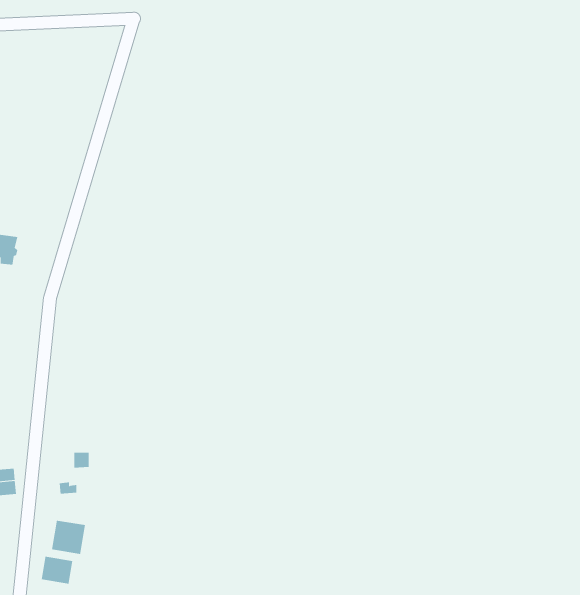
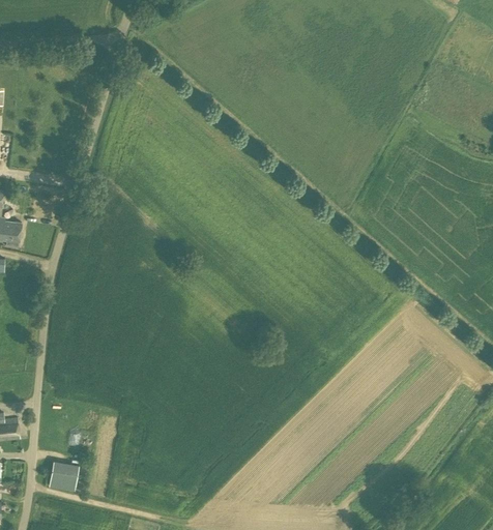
building: [41,556,73,584] -> none

